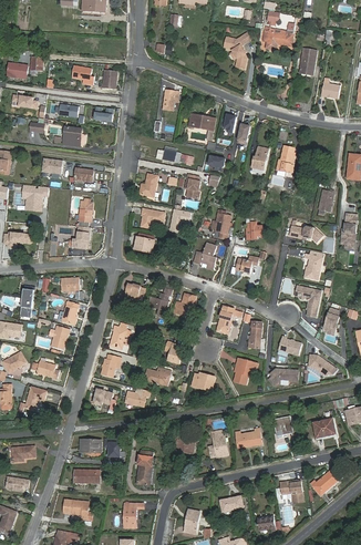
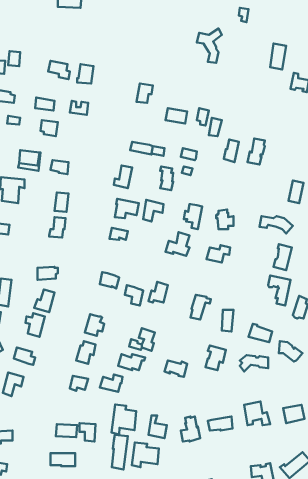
building: [262,25,293,49] -> none
building: none -> [112,404,136,434]
building: none -> [132,442,159,467]

